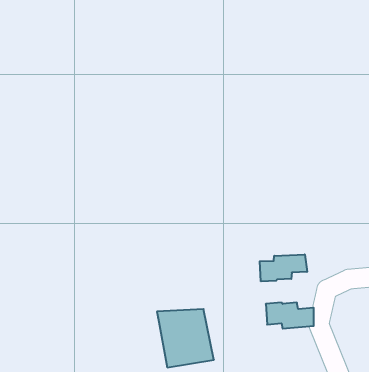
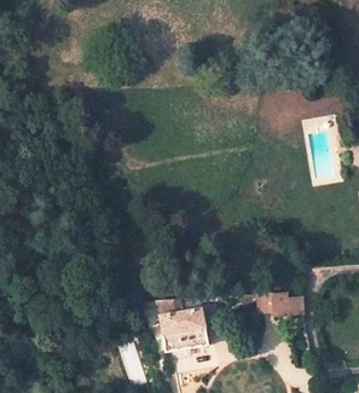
building: [260,254,307,281] -> none

